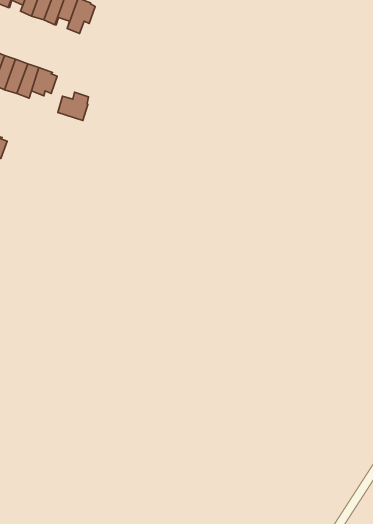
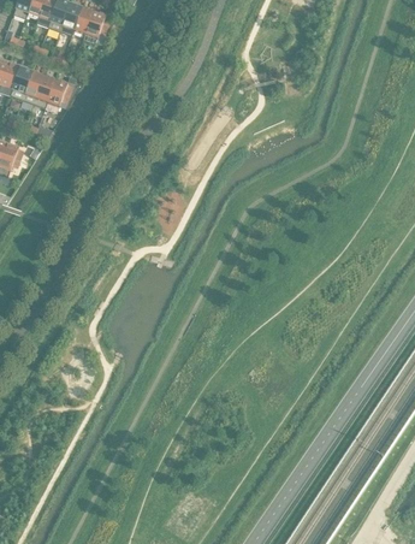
building: [58,92,89,121] -> none

